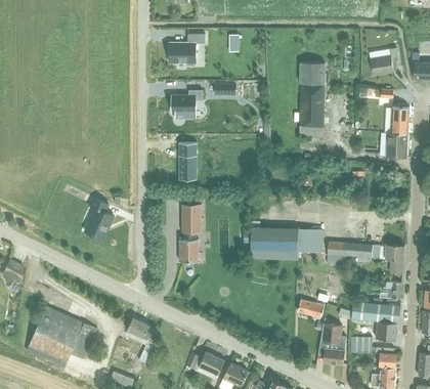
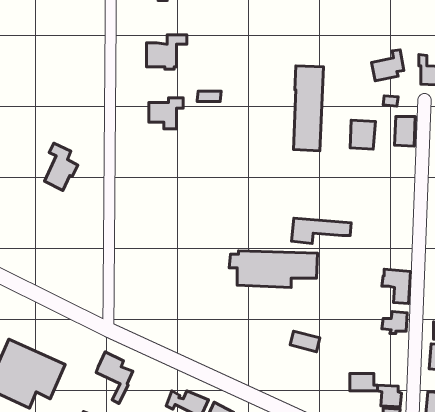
building: [385,133,407,159] -> [350,120,375,149]
building: [178,143,197,180] -> none
building: [84,198,114,240] -> [45,143,78,190]
building: [178,204,201,262] -> none
building: [326,242,379,264] -> [292,218,351,243]
building: [350,301,399,341] -> none
building: [319,323,346,364] -> none

